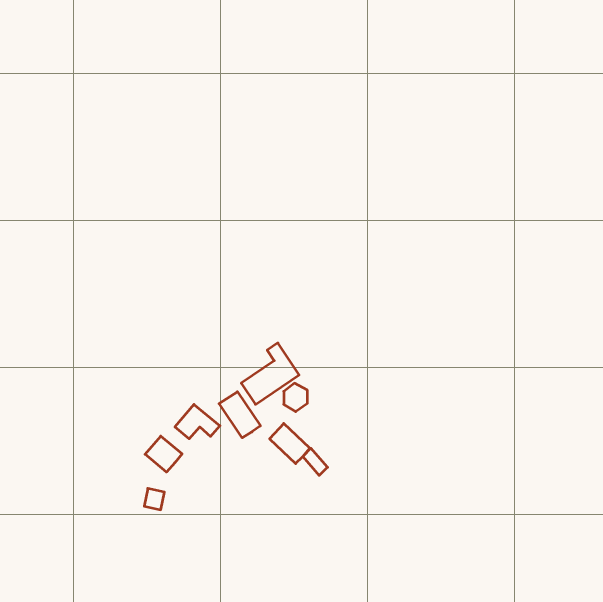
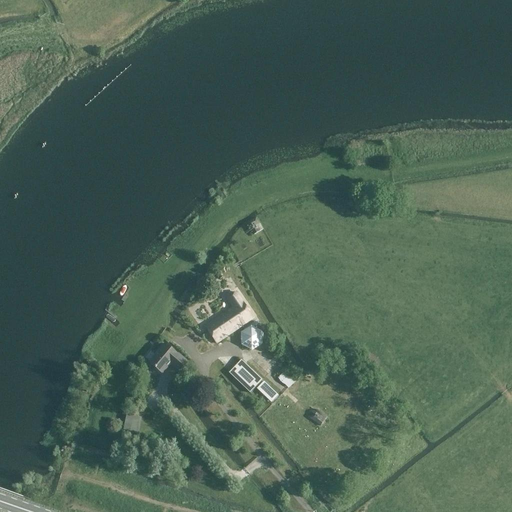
building: [219,392,260,438] -> none
building: [145,436,182,472] -> none

